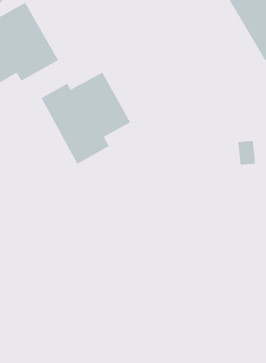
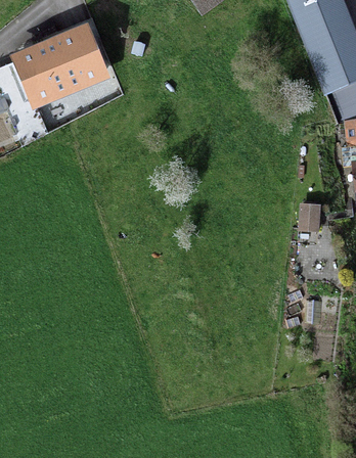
building: [41,72,131,165] -> none

